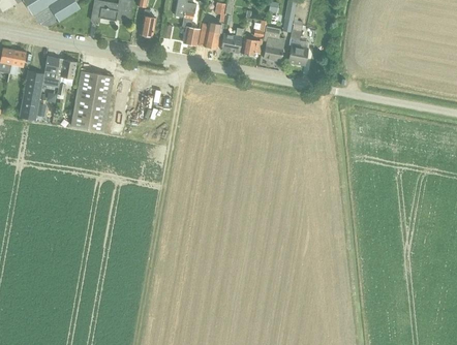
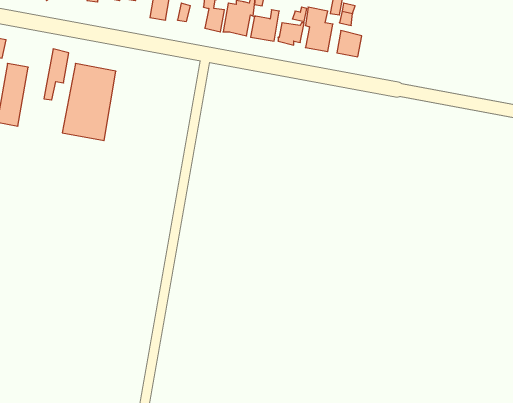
building: [41,56,63,87] -> none

